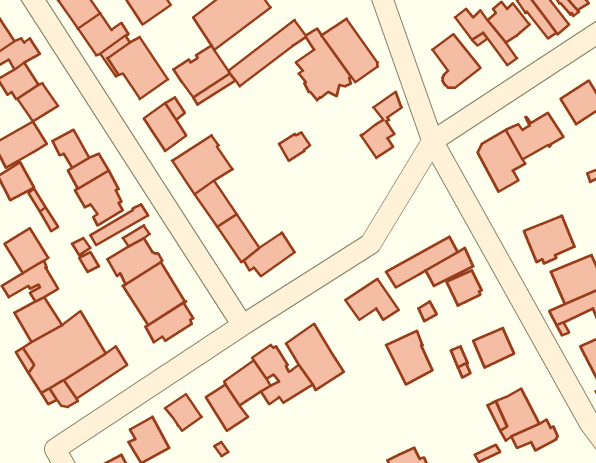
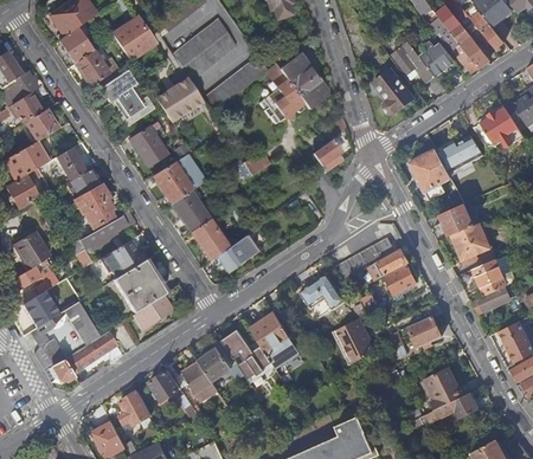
building: none -> [439,203,480,235]

